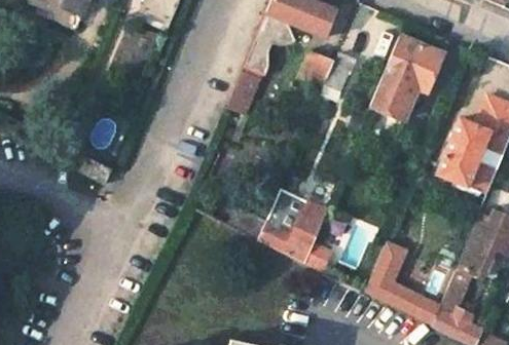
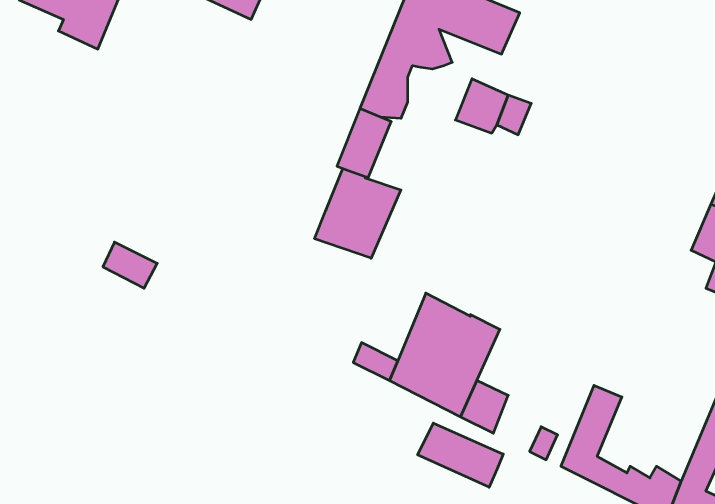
building: [371,35,442,119] -> none
building: none -> [315,169,401,258]
building: none -> [418,423,503,487]

